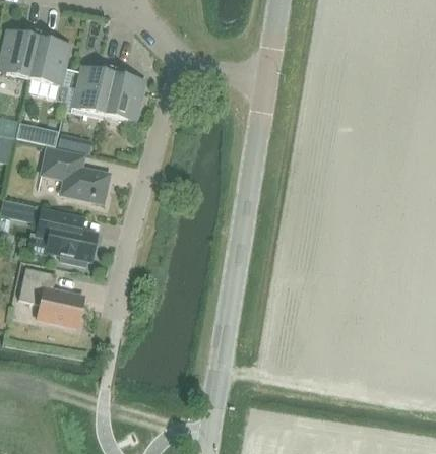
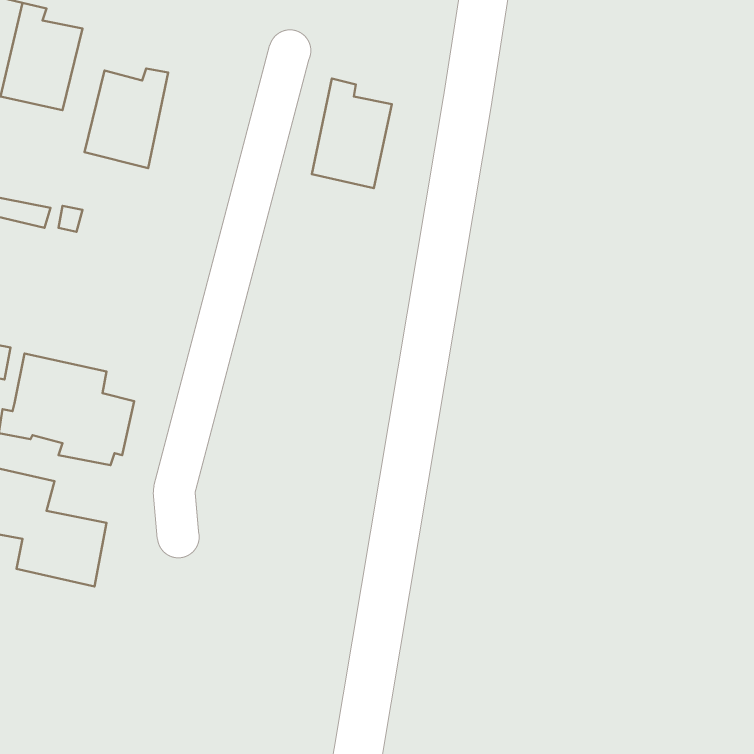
building: [104,66,144,122] -> [312,78,392,188]
building: [41,147,109,203] -> none

